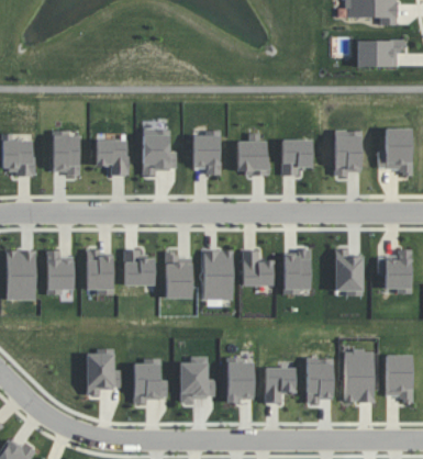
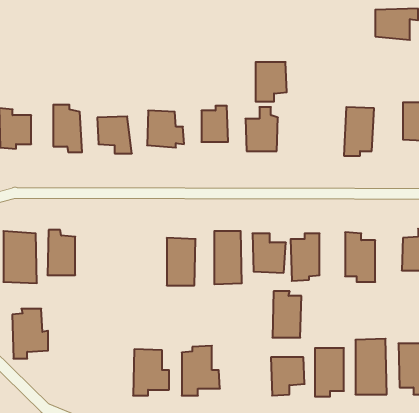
building: [286,139,315,177] -> [256,62,287,102]
building: [85,251,112,296] -> none
building: [122,251,153,288] -> none
building: [85,350,119,398] -> [12,309,48,359]
building: [225,359,253,403] -> [272,291,301,338]

